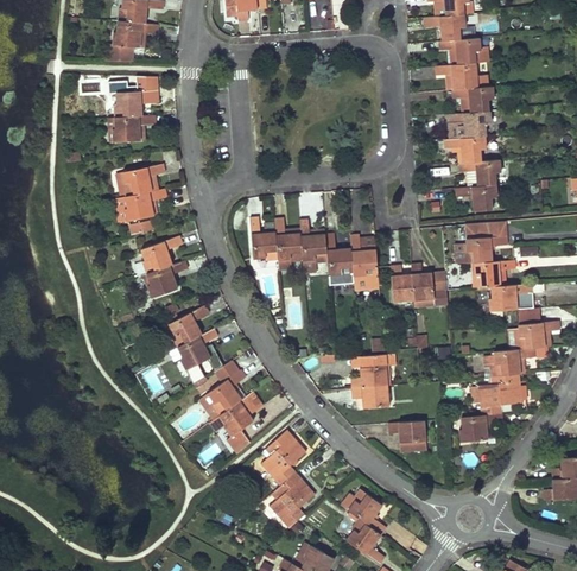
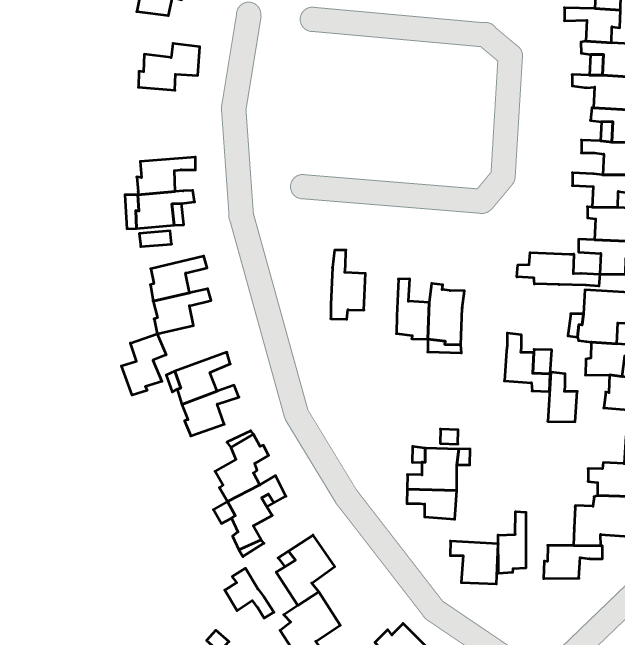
building: [113,114,156,141] -> none
building: none -> [517,253,600,286]
building: [251,216,278,260] -> none
building: [299,218,328,272] -> none
building: [391,265,413,302] -> [548,372,577,422]
building: none -> [121,334,166,395]
building: none -> [498,512,526,573]
building: none -> [225,568,274,618]

